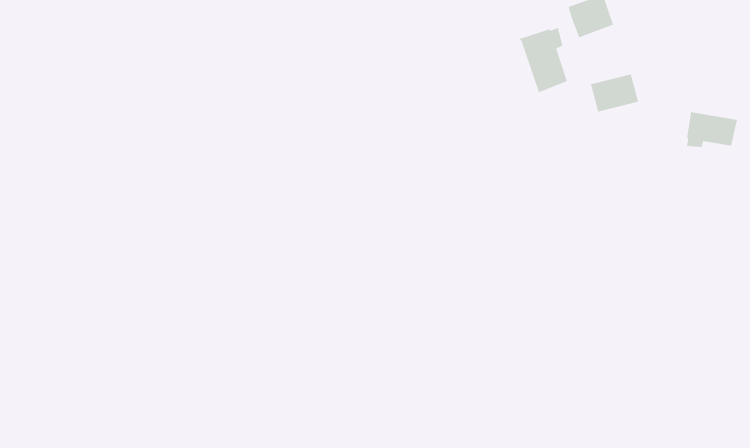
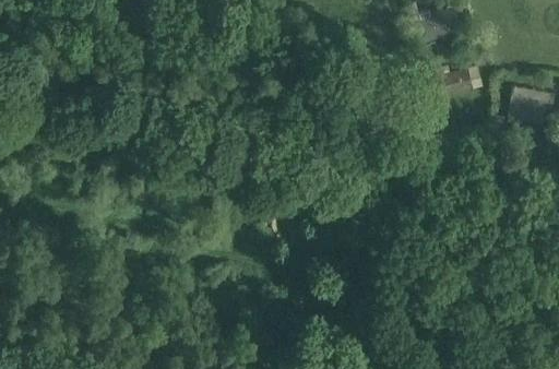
building: [519,27,568,93] -> none

